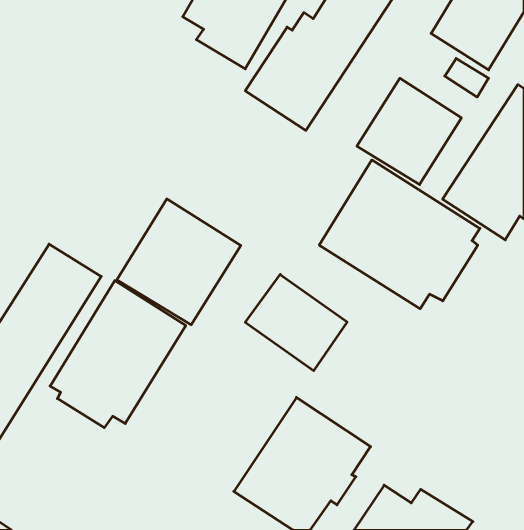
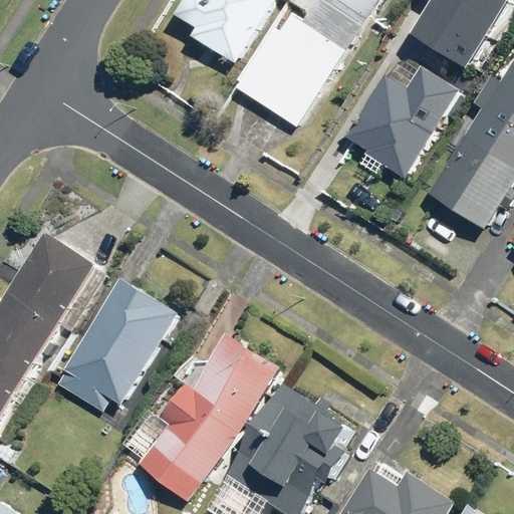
building: [319,160,480,309] -> none
building: [117,199,241,325] -> none
building: [245,274,347,371] -> none
building: none -> [139,333,281,501]

